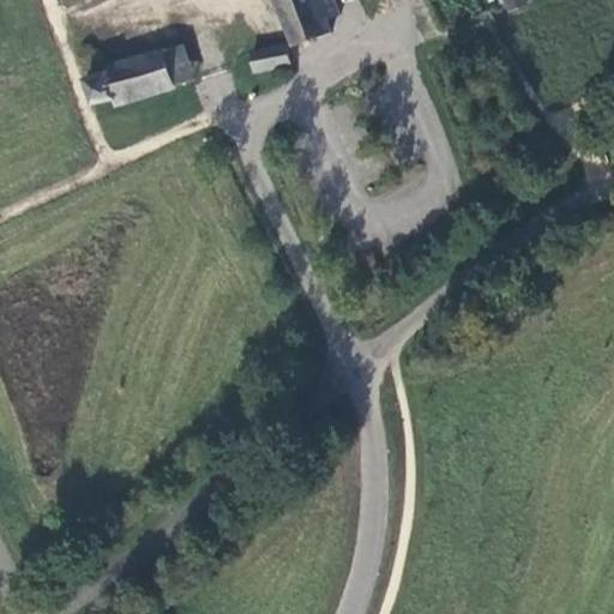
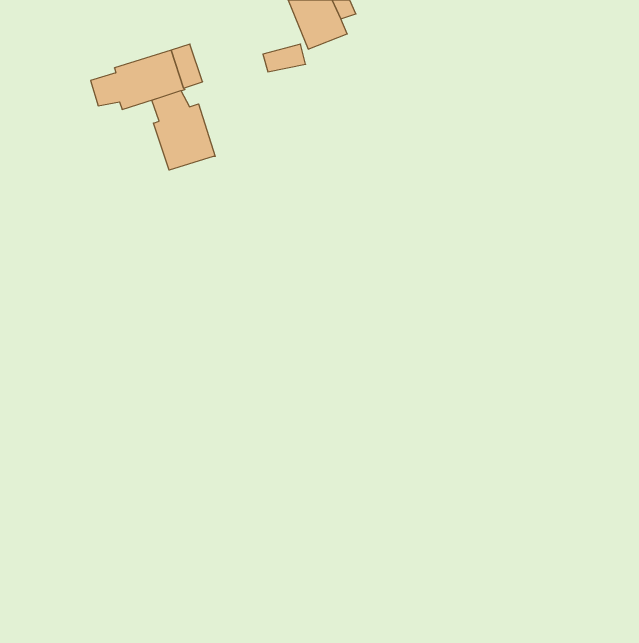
building: none -> [152,91,215,170]

